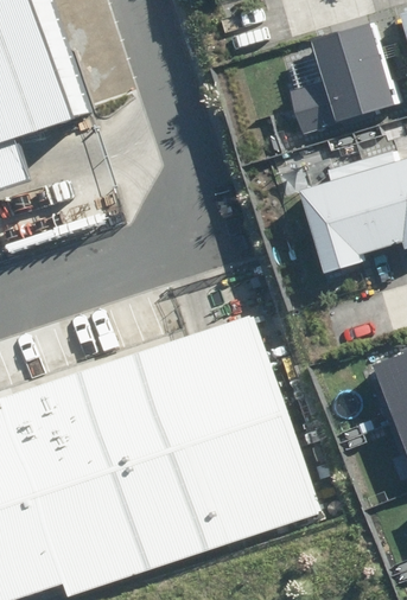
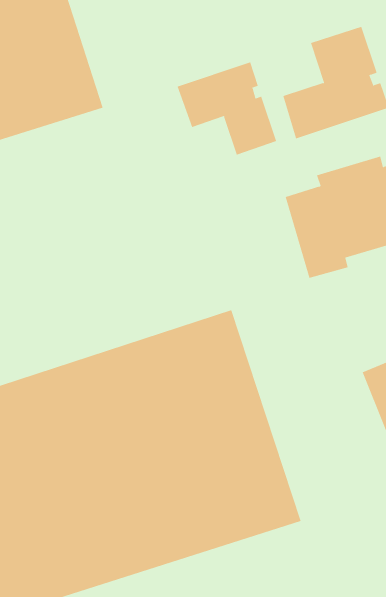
building: none -> [177,62,277,155]

